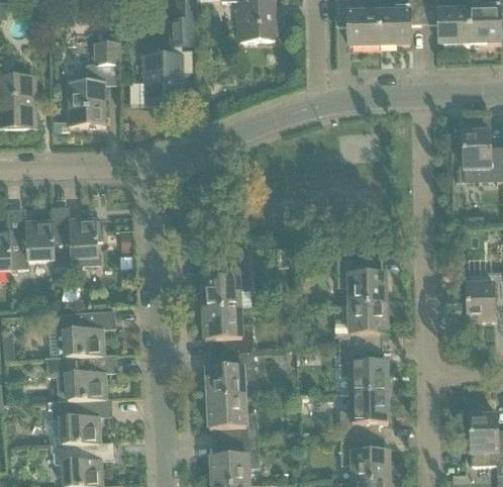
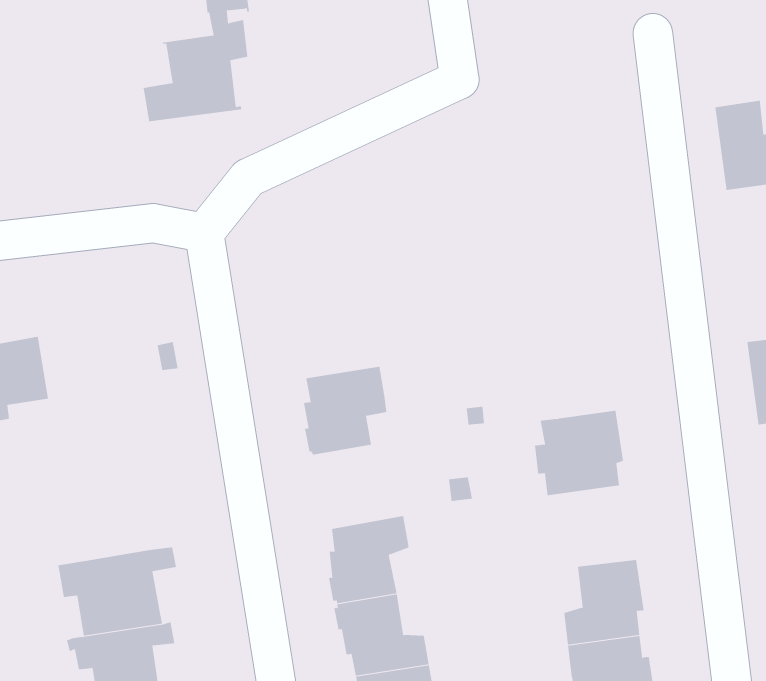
building: [68,41,120,125] -> none
building: [51,207,102,270] -> none
building: [337,258,385,304] -> none
building: [202,307,254,354] -> none
building: [56,310,115,356] -> none
building: [338,348,387,392] -> none

